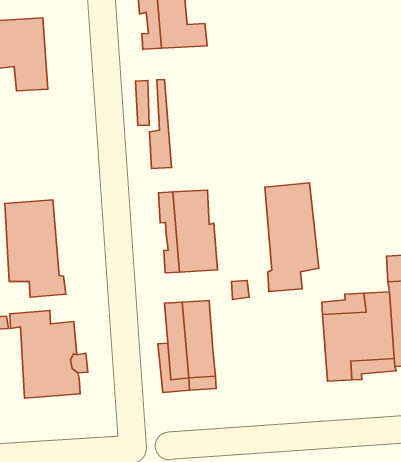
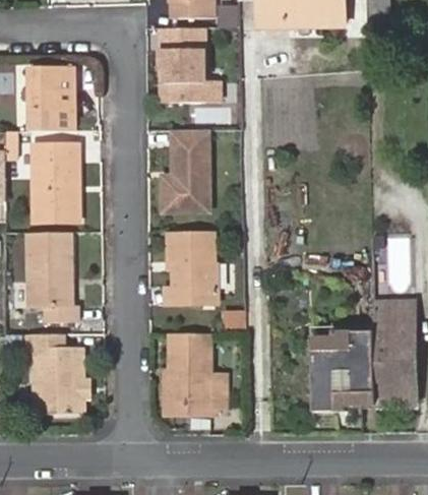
building: none -> [180,128,209,209]
building: none -> [34,143,79,221]
building: [265,183,319,292] -> none

